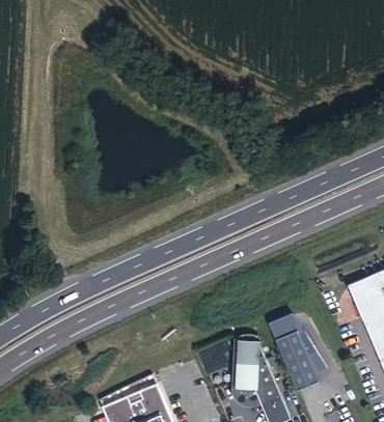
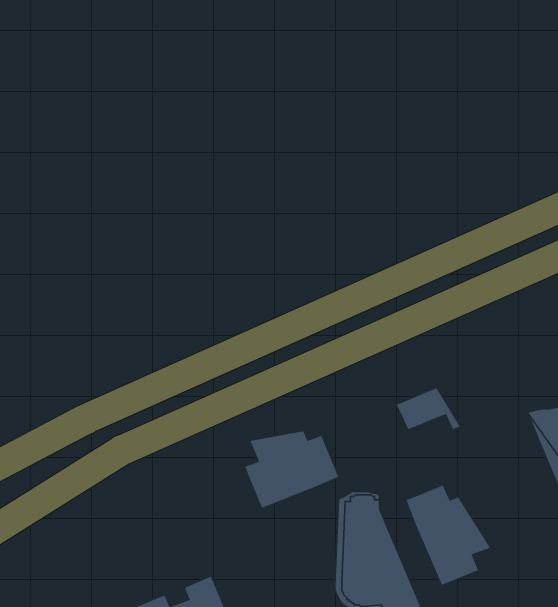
building: none -> [244,431,339,509]
building: [268,312,307,338] -> [396,387,461,430]

